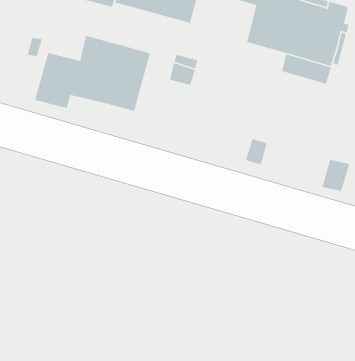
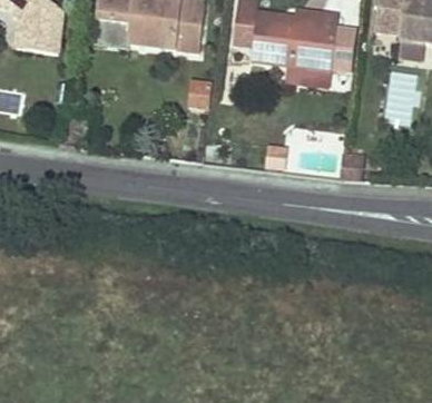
building: [34,35,151,112] -> none

